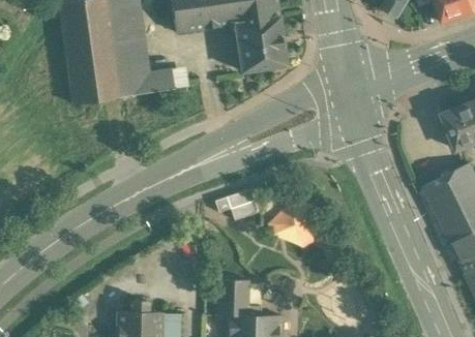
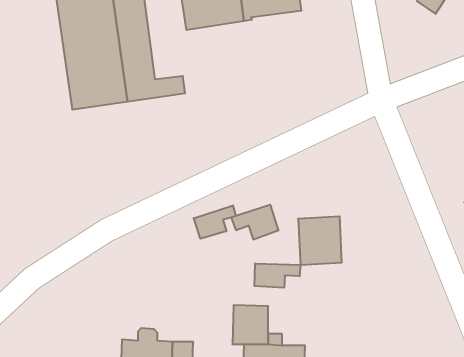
building: [233,16,287,72] -> none
building: none -> [194,205,236,239]
building: none -> [255,263,300,288]

